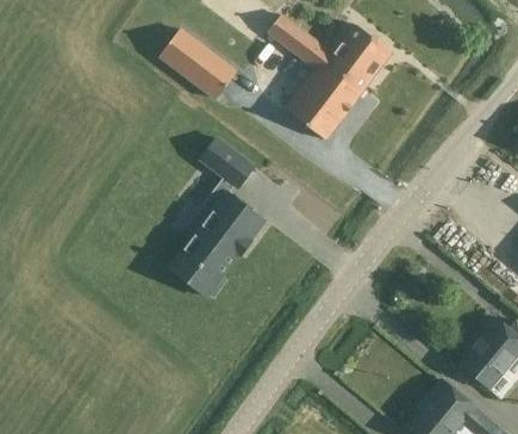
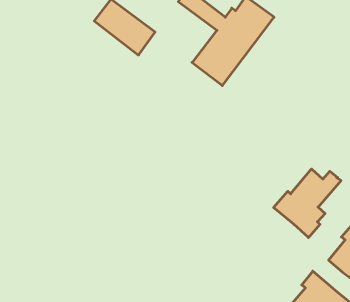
building: [169,137,263,297] -> none
building: none -> [274,169,341,238]

